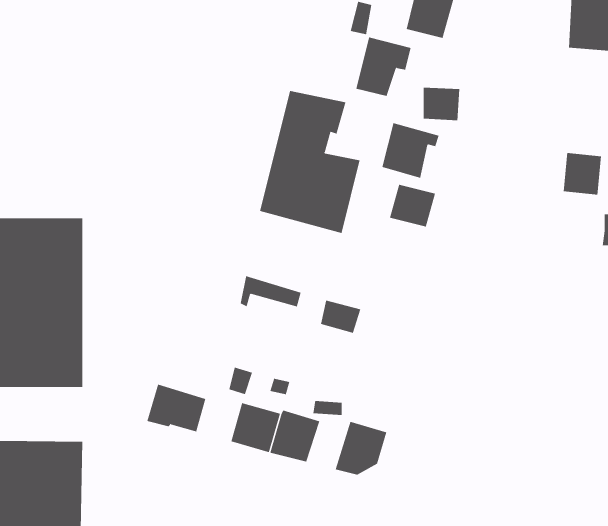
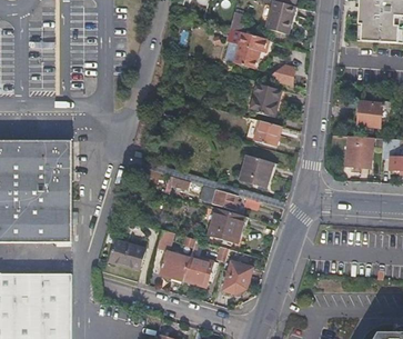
building: [260,90,360,234] -> none
building: none -> [346,136,371,167]
building: none -> [242,156,270,189]
building: none -> [208,207,245,243]

